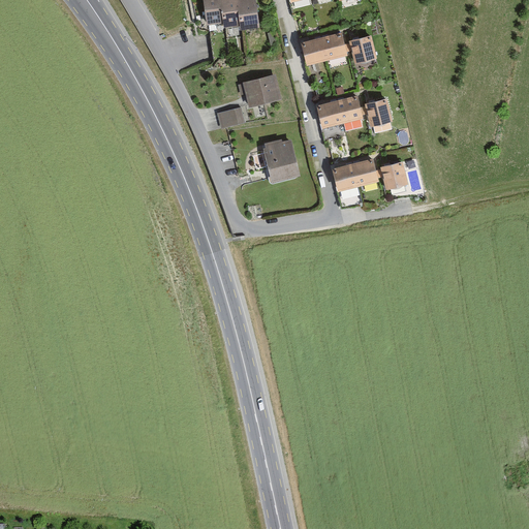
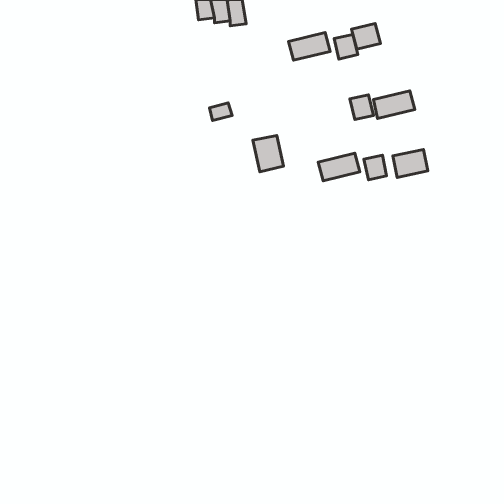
building: none -> [351,24,380,49]
building: [243,74,280,105] -> none
building: [317,97,361,126] -> [373,91,415,118]
building: none -> [393,149,428,177]

